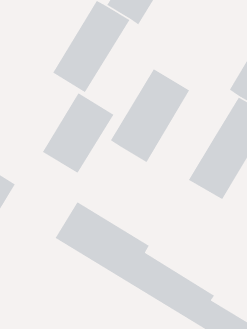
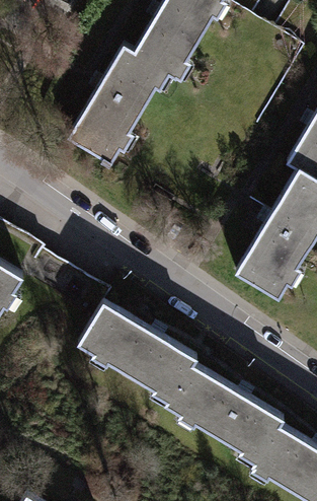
building: [110,68,190,163] -> none
building: [42,92,114,174] -> none

